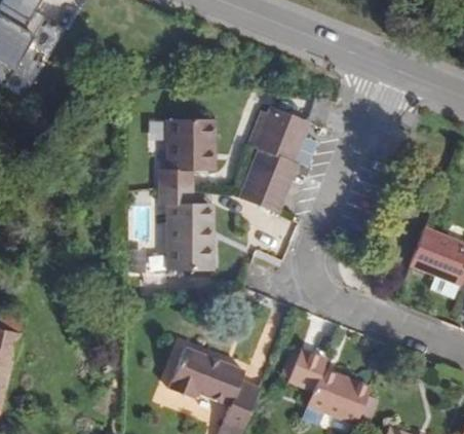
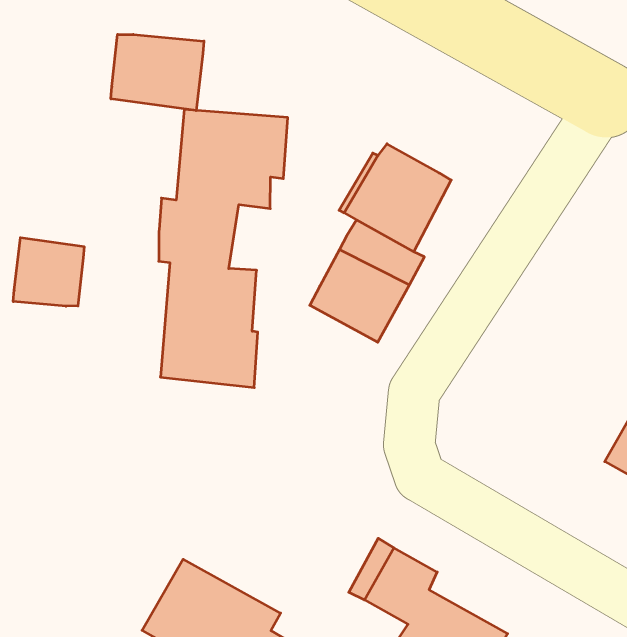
building: none -> [111,34,204,111]
building: none -> [13,238,84,306]

